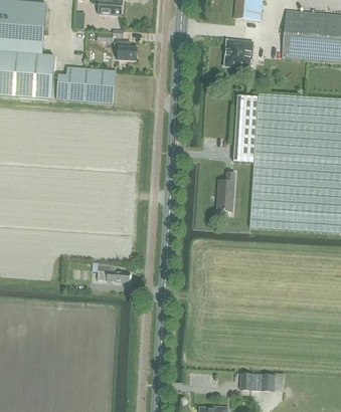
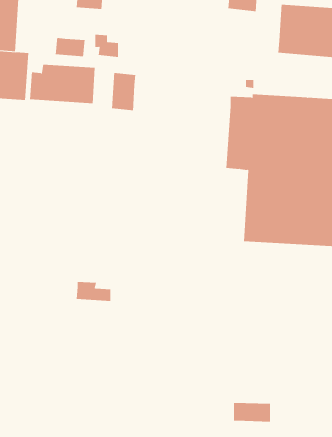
building: [224,37,253,66] -> none
building: none -> [55,37,85,57]
building: none -> [111,72,136,111]
building: [217,171,234,208] -> none

